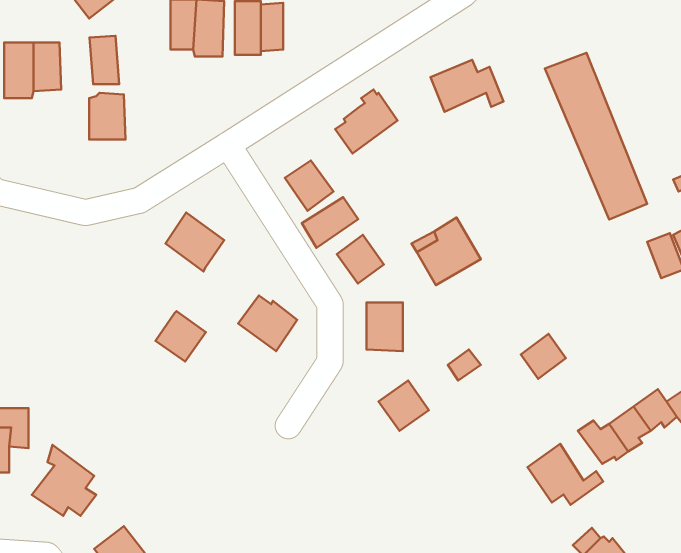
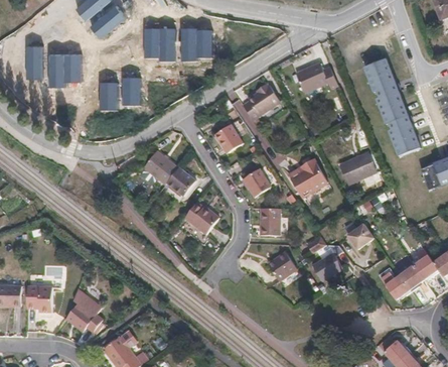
building: [90,36,119,84] -> [122,77,139,105]
building: [302,197,358,248] -> none
building: none -> [342,155,379,187]
building: [156,311,206,362] -> [165,167,194,197]
building: none -> [311,248,343,278]
building: [527,444,603,505] -> none

